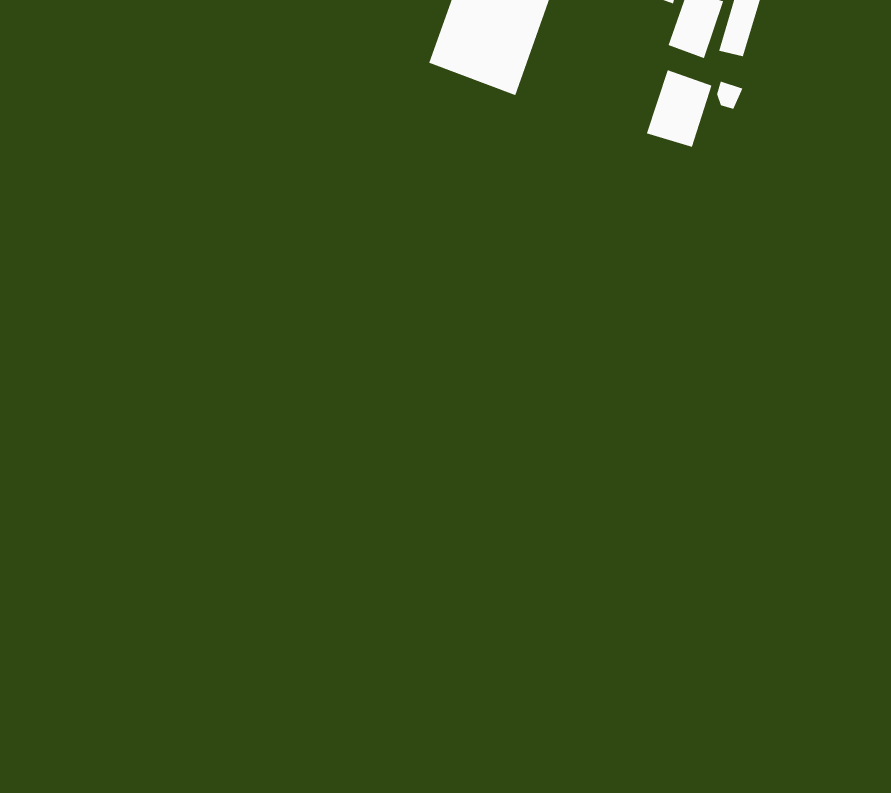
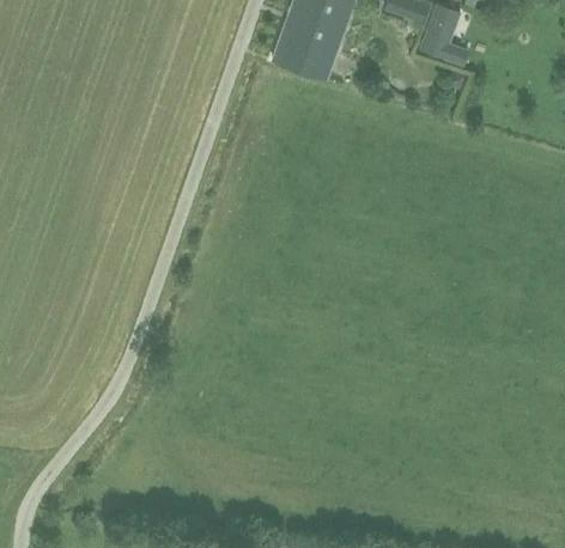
building: [646,69,713,148] -> none

